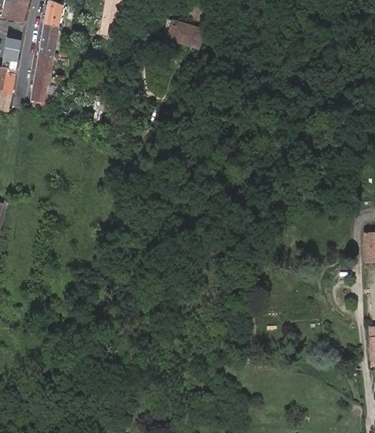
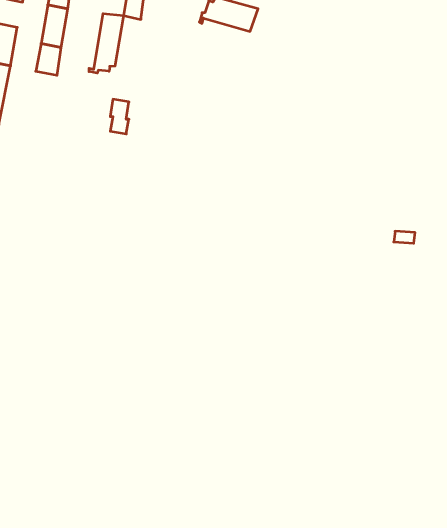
building: none -> [89,14,124,73]
building: [29,74,50,104] -> none

